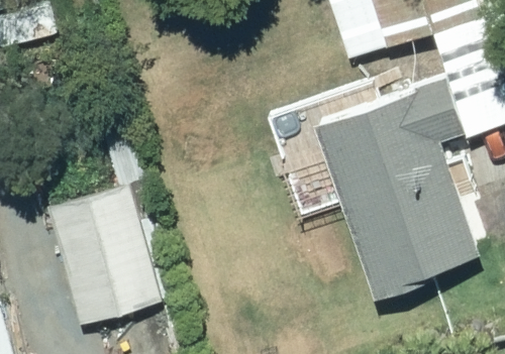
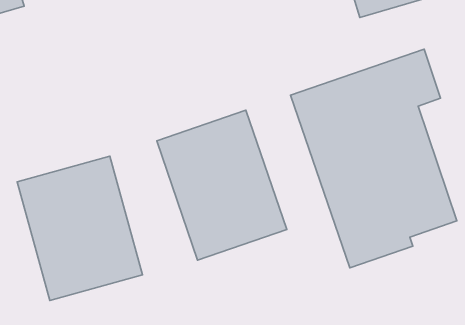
building: none -> [157,110,287,260]

